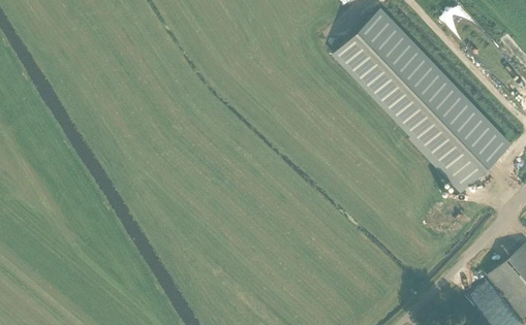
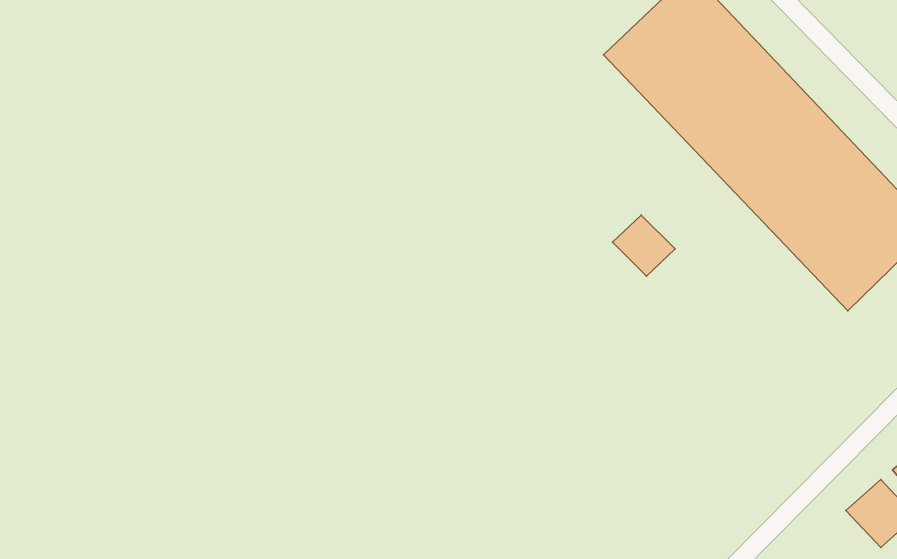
building: none -> [612,215,675,276]

